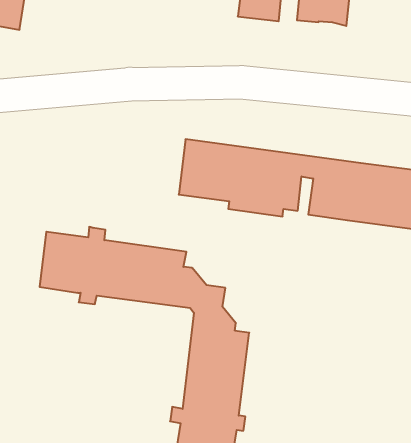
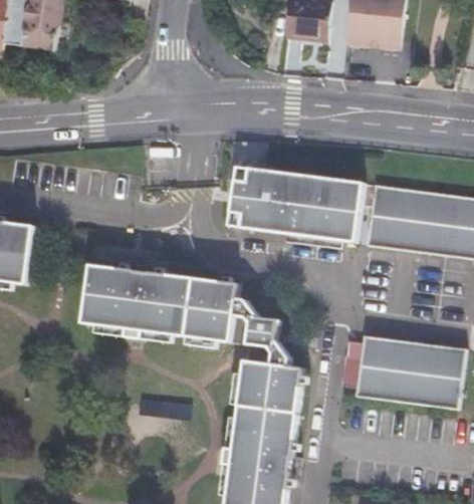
building: none -> [351,333,461,408]

